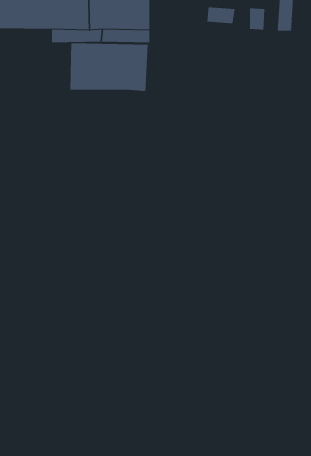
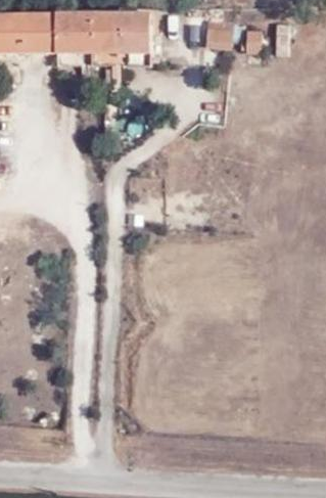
building: [70,43,148,92] -> none

